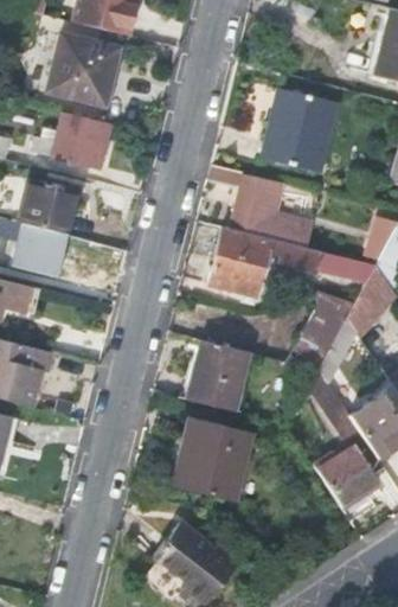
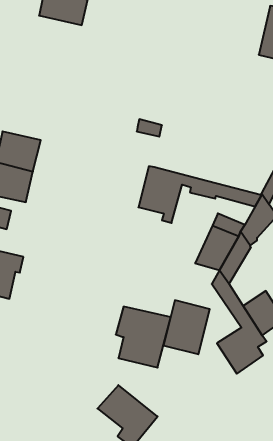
building: [47,34,118,106] -> none
building: [263,89,336,172] -> none
building: [39,111,111,168] -> none
building: [231,175,309,248] -> none
building: [187,339,250,413] -> [164,300,210,354]

